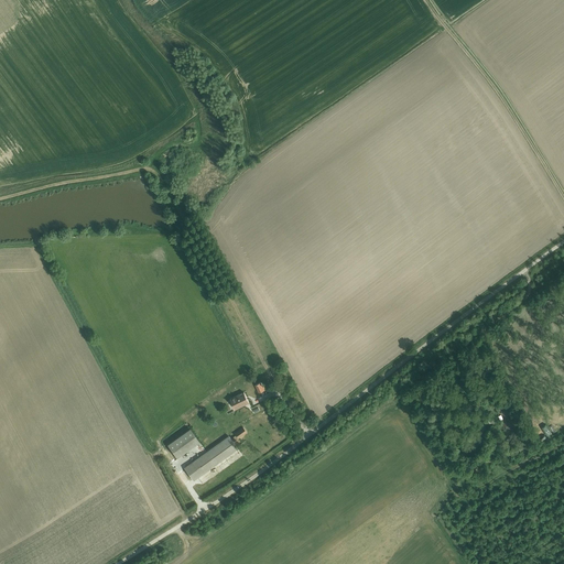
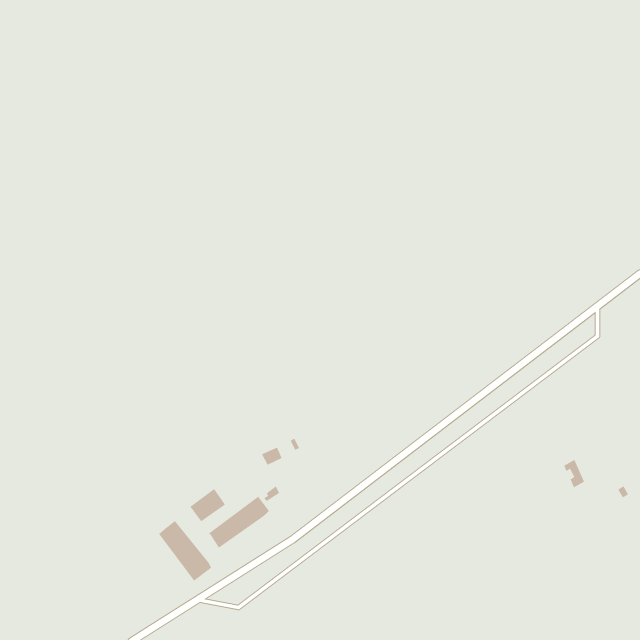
building: none -> [158,520,212,581]

